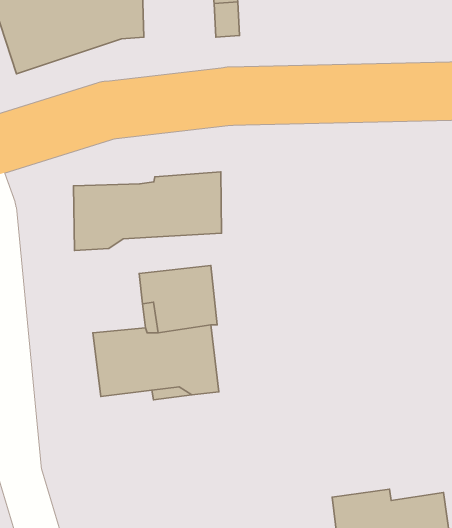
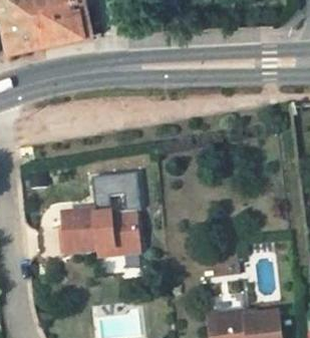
building: [73,172,222,251] -> none

